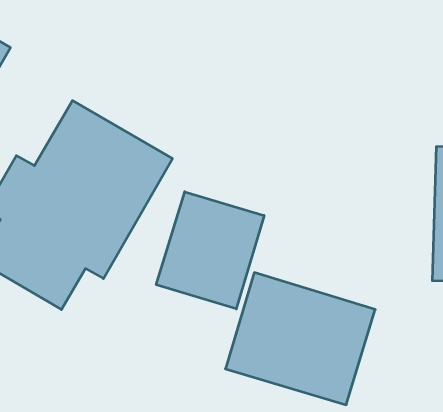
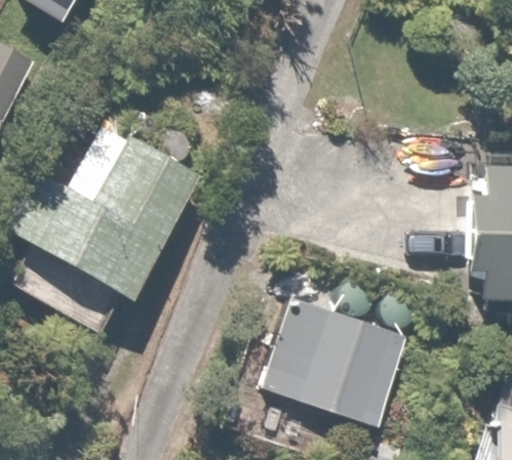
building: [156,192,264,309] -> none

